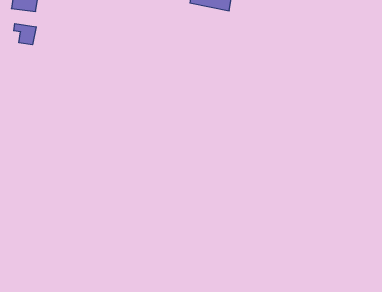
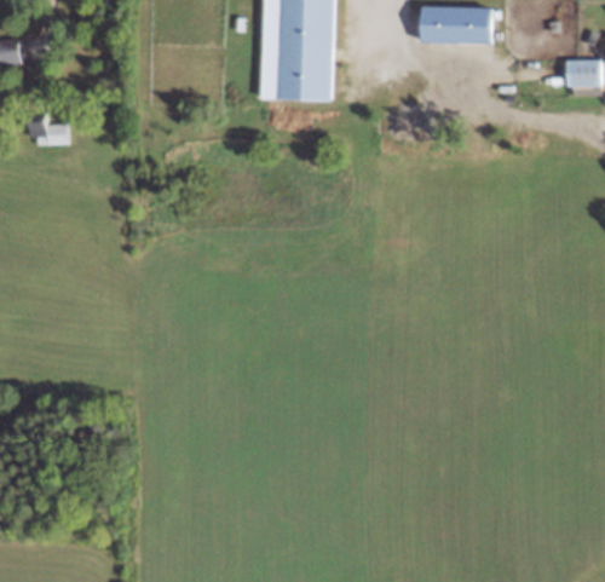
building: [14,24,36,45] -> none

